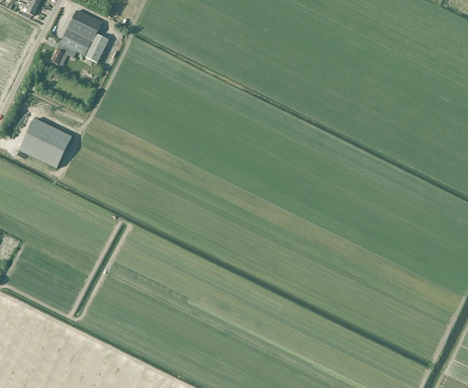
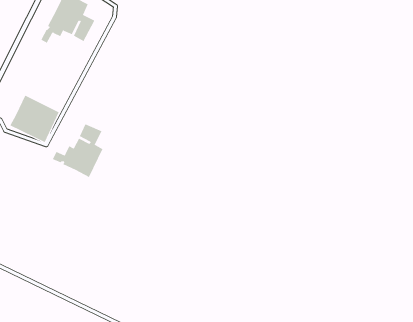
building: none -> [52,123,103,178]

